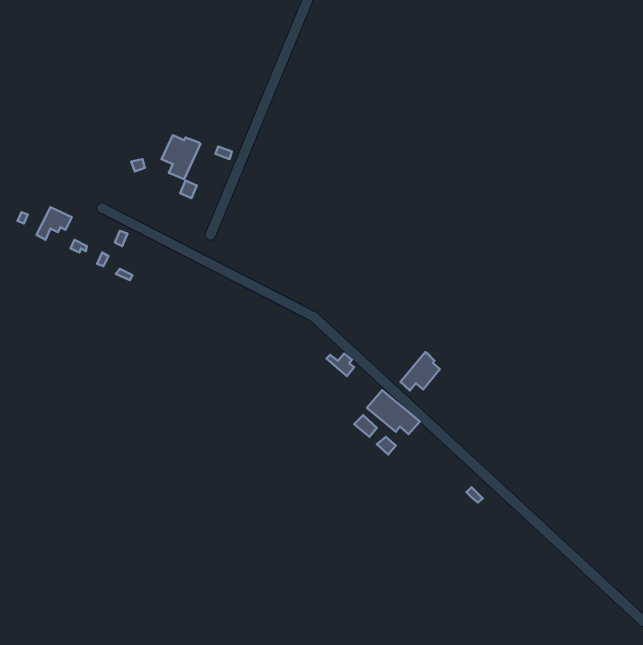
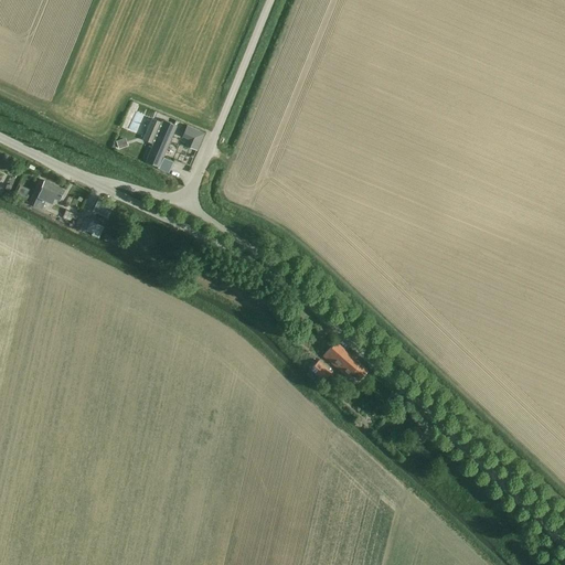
building: [400,352,440,390] -> none

